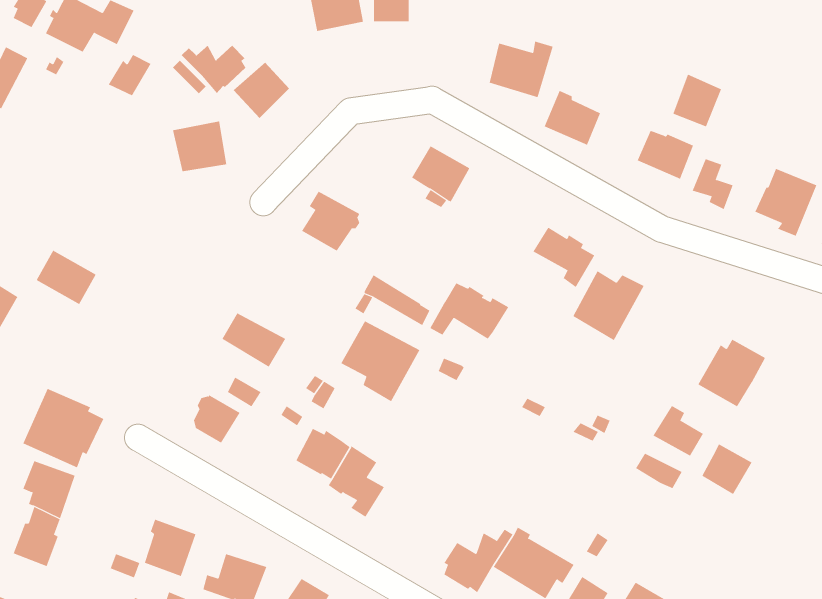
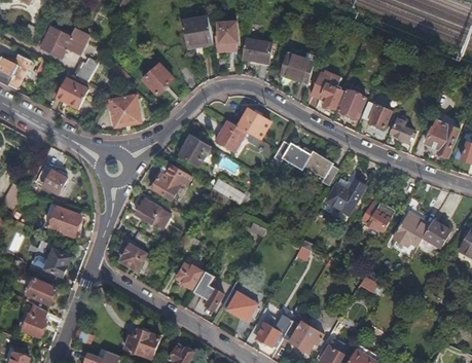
building: none -> [241,38,271,63]
building: [181,45,246,94] -> none
building: [672,74,722,127] -> [337,88,364,117]
building: none -> [55,78,86,109]
building: none -> [215,119,246,151]
building: none -> [151,160,192,198]
building: [429,282,509,339] -> [268,139,312,170]
building: [340,320,420,402] -> none
building: none -> [48,206,81,235]
building: [653,405,704,456] -> [359,205,387,232]
building: [701,443,753,495] -> [423,219,450,247]
building: none -> [220,280,257,321]
building: [144,519,196,577] -> none

